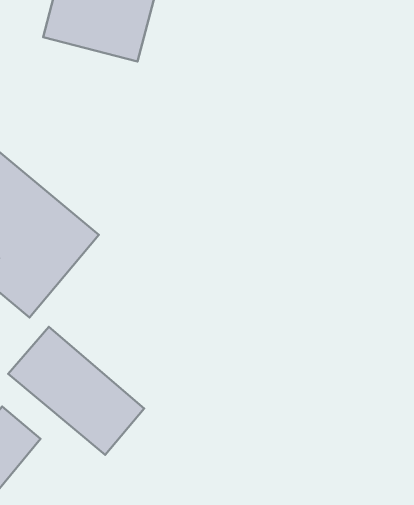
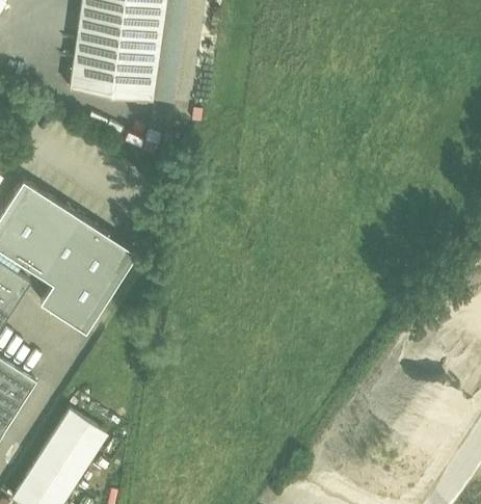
building: [8,327,144,455] -> none

